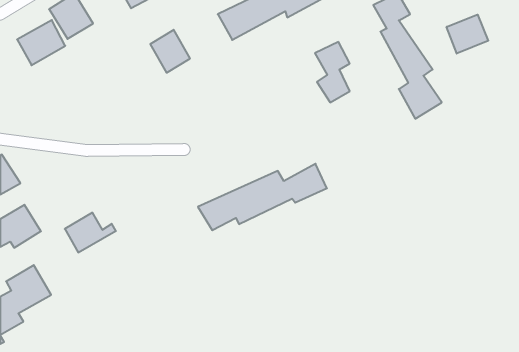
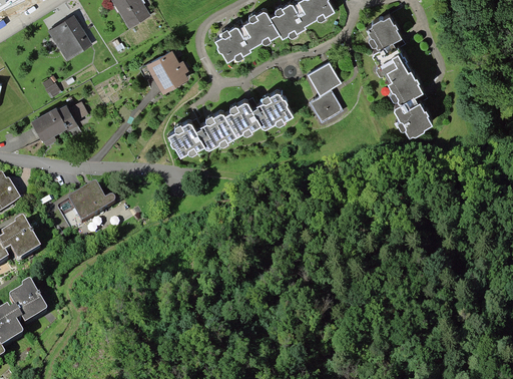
building: [447,15,488,54] -> none
building: [17,20,65,65] -> [33,102,80,146]
building: [198,164,327,230] -> [167,91,294,156]
building: [65,213,116,252] -> [68,185,118,225]

